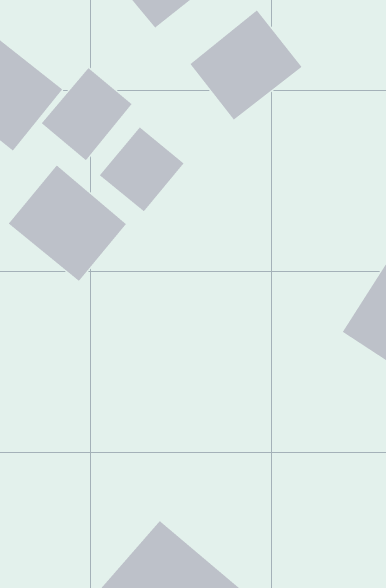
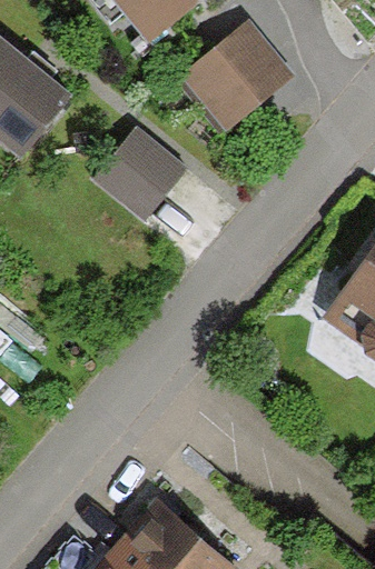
building: [41,67,133,161] -> none
building: [8,165,127,282] -> none

